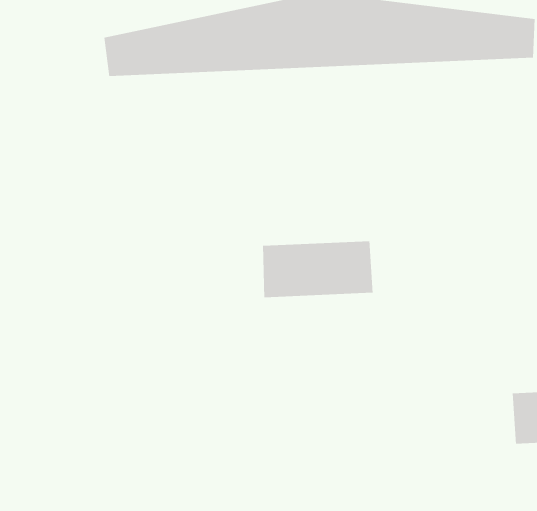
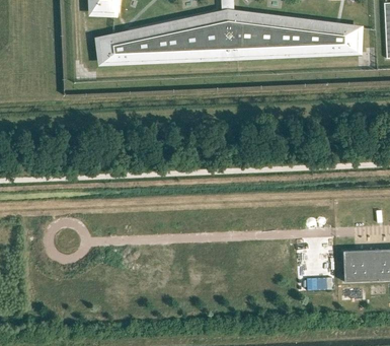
building: [263,241,373,298] -> none

